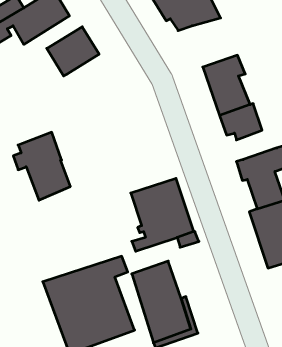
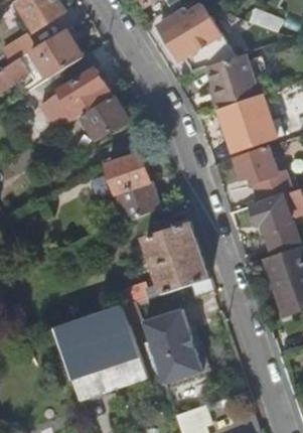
building: none -> [205,54,259,110]
building: none -> [37,90,74,130]
building: none -> [79,96,127,140]
building: none -> [251,170,292,203]
building: [13,132,70,200] -> [100,153,158,223]

